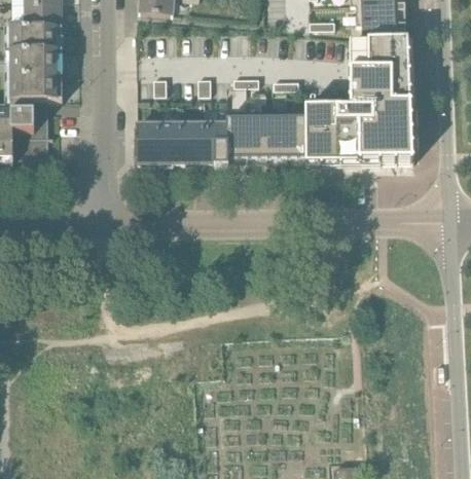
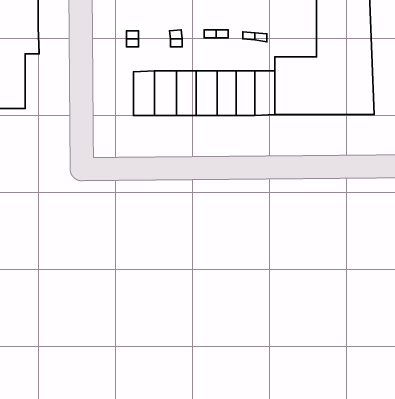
building: [137,116,160,162] -> none

